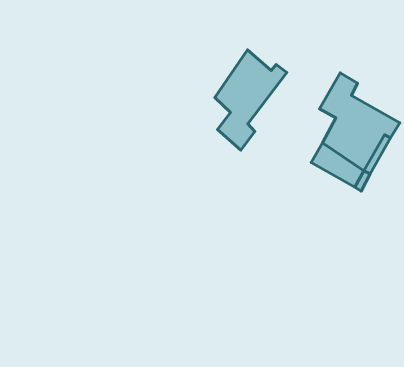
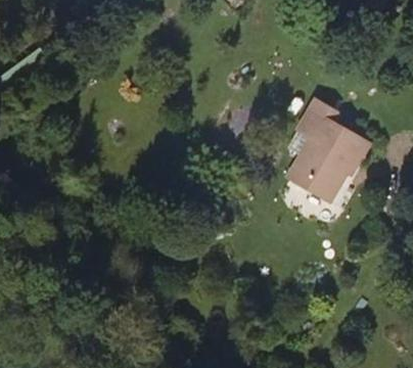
building: [215,50,287,150] -> none

